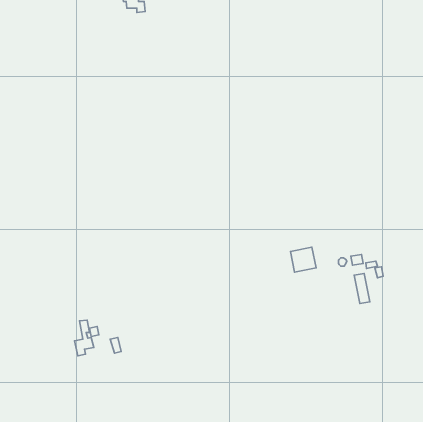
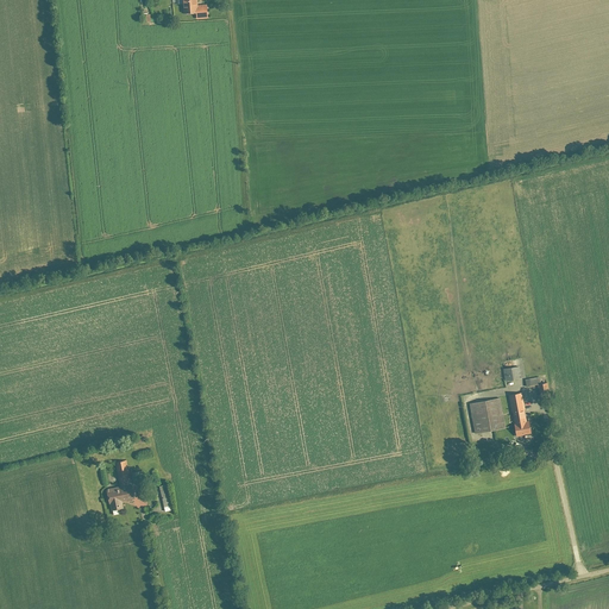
building: [290,247,316,272] -> [469,397,506,433]

